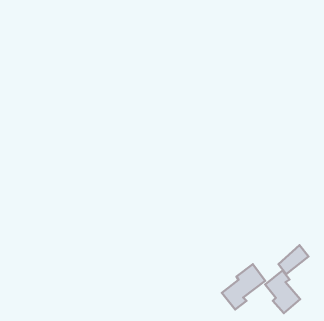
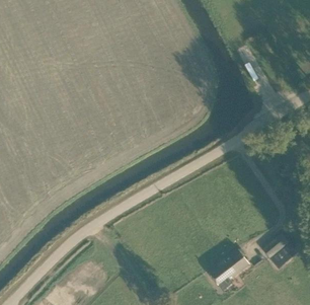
building: [265,271,300,313] -> none

